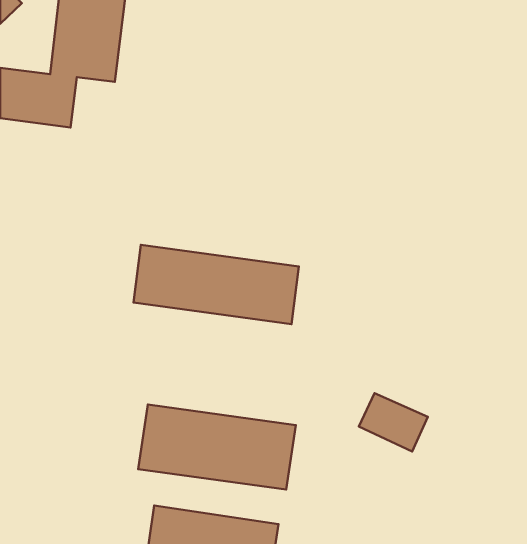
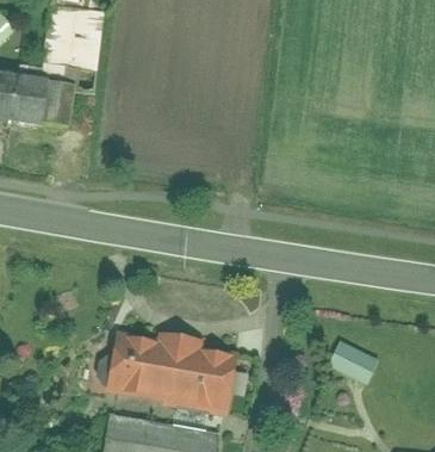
building: [134,245,299,324] -> none
building: [359,393,428,452] -> [330,345,383,389]

